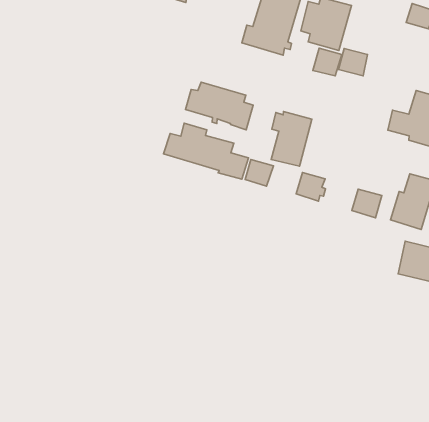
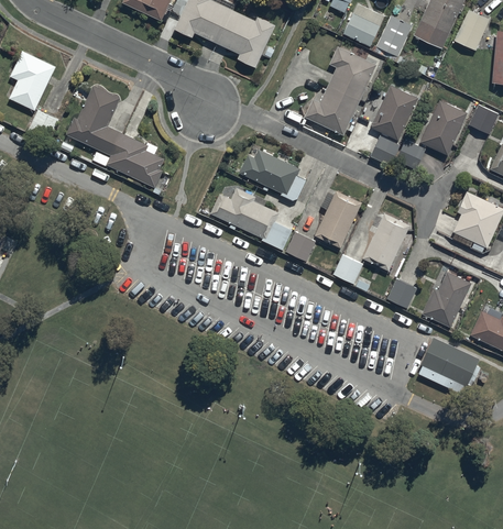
building: none -> [418,101,466,155]
building: none -> [65,86,164,188]
building: none -> [361,210,409,271]

